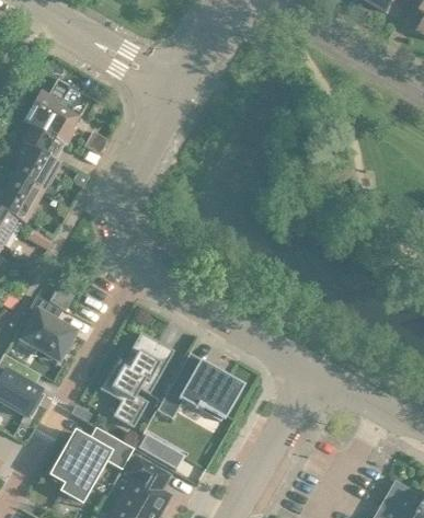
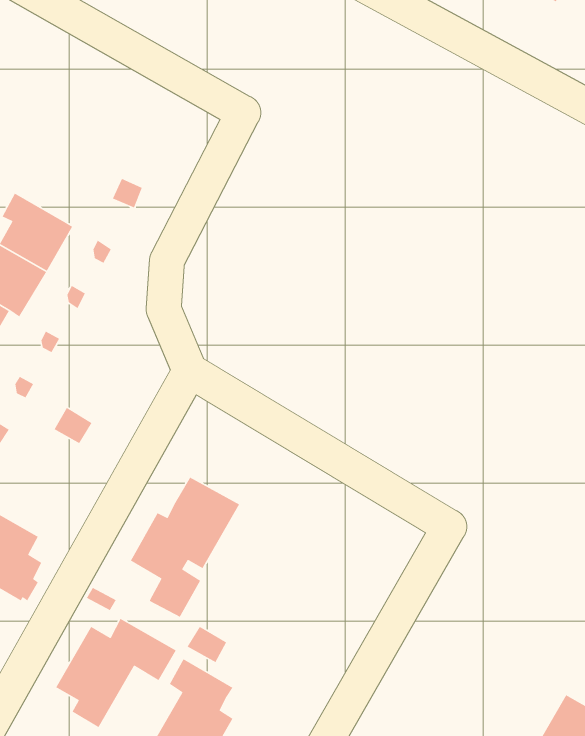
building: [22,81,95,161] -> none
building: [19,301,70,365] -> none
building: [159,355,241,423] -> none

